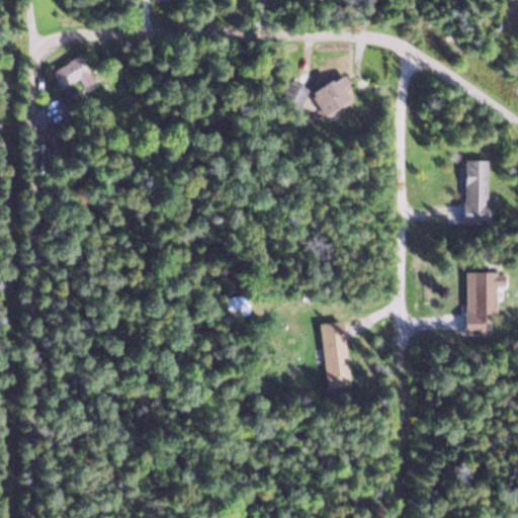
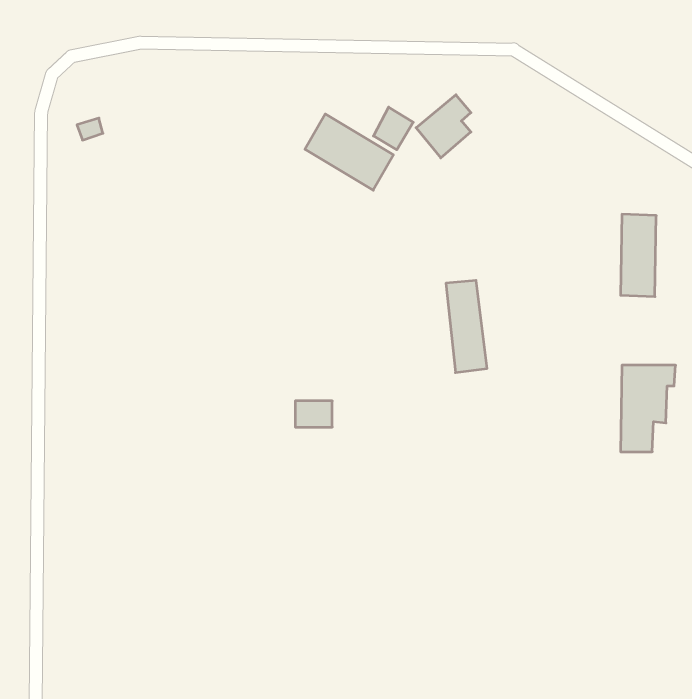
building: [54,57,91,89] -> none
building: none -> [305,114,393,190]
building: [321,322,351,390] -> [446,280,487,373]

